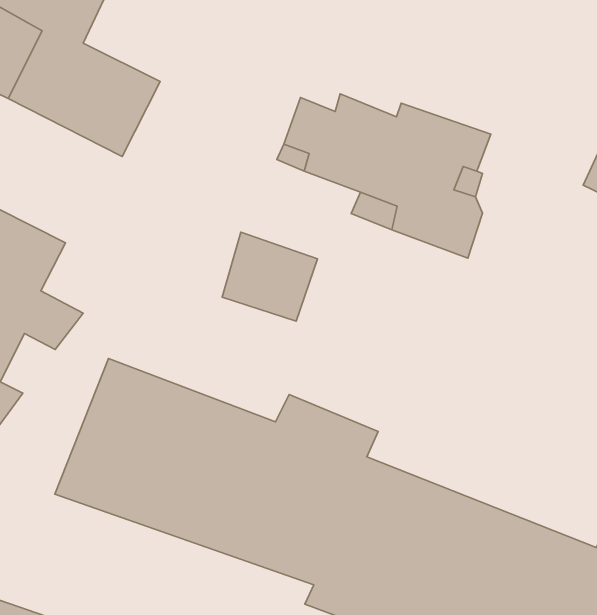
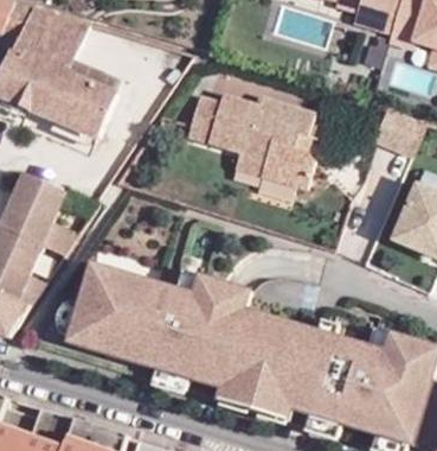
building: [222,232,318,321] -> none

